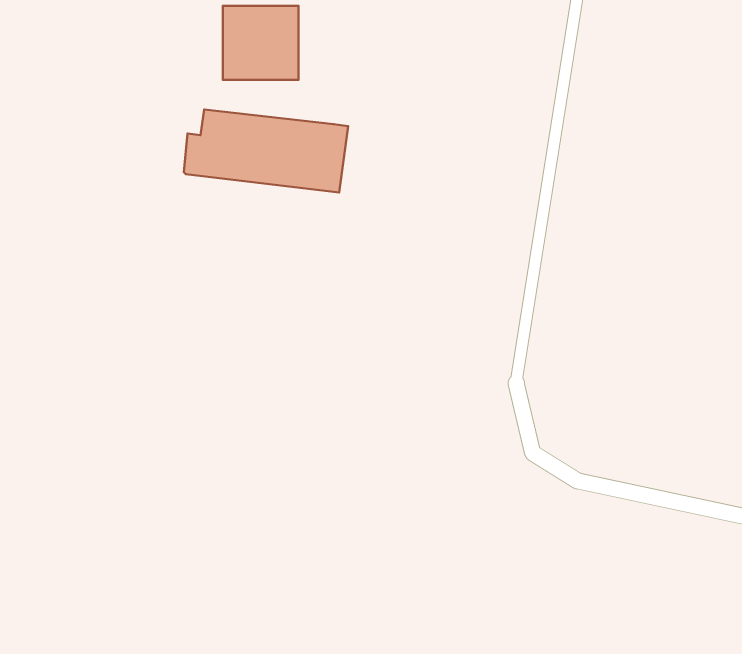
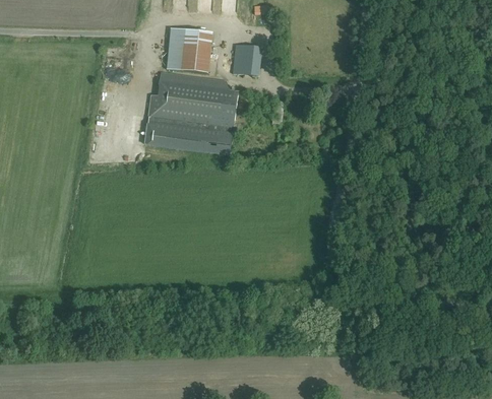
building: none -> [232,45,261,75]
building: none -> [143,121,233,156]

